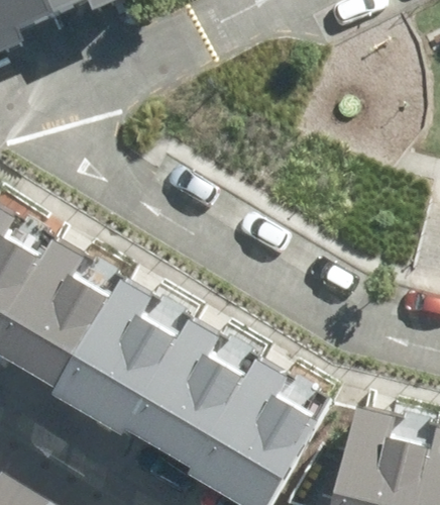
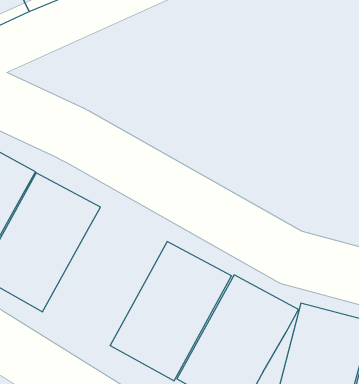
building: [52,276,192,435] -> none

